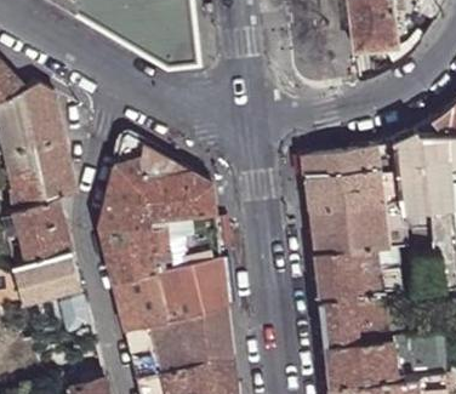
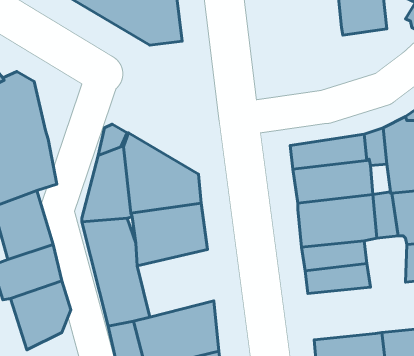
building: [154,257,228,322] -> none
building: [319,293,384,344] -> none

